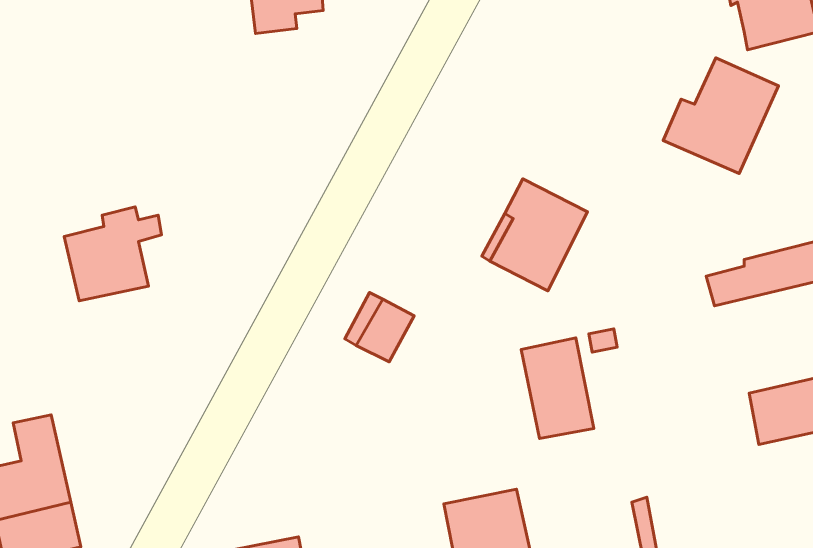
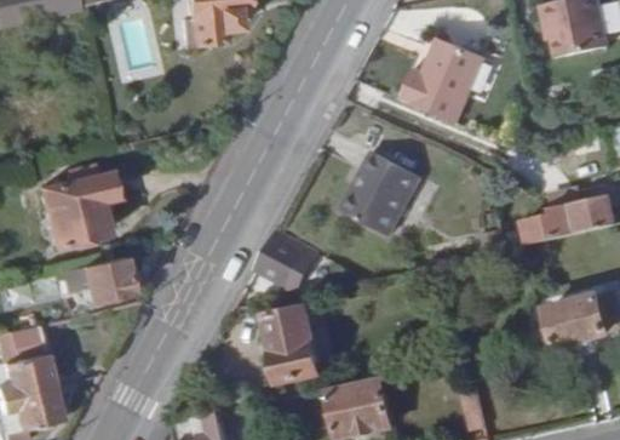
building: [663,58,779,173] -> [409,42,494,127]
building: none -> [65,257,132,299]
building: [521,338,594,439] -> [262,308,315,382]

